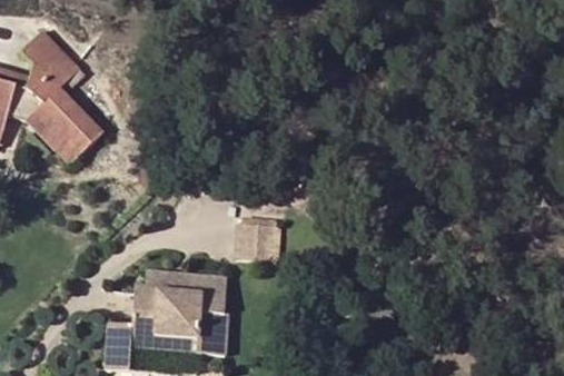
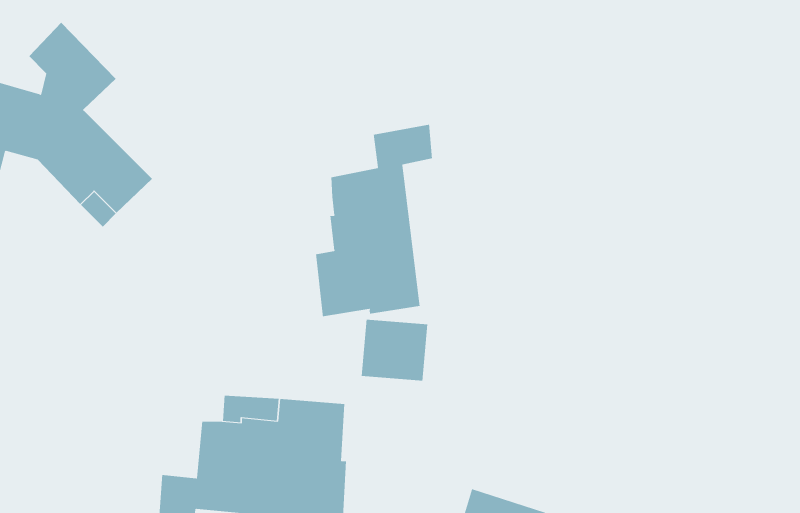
building: none -> [316,124,433,317]

